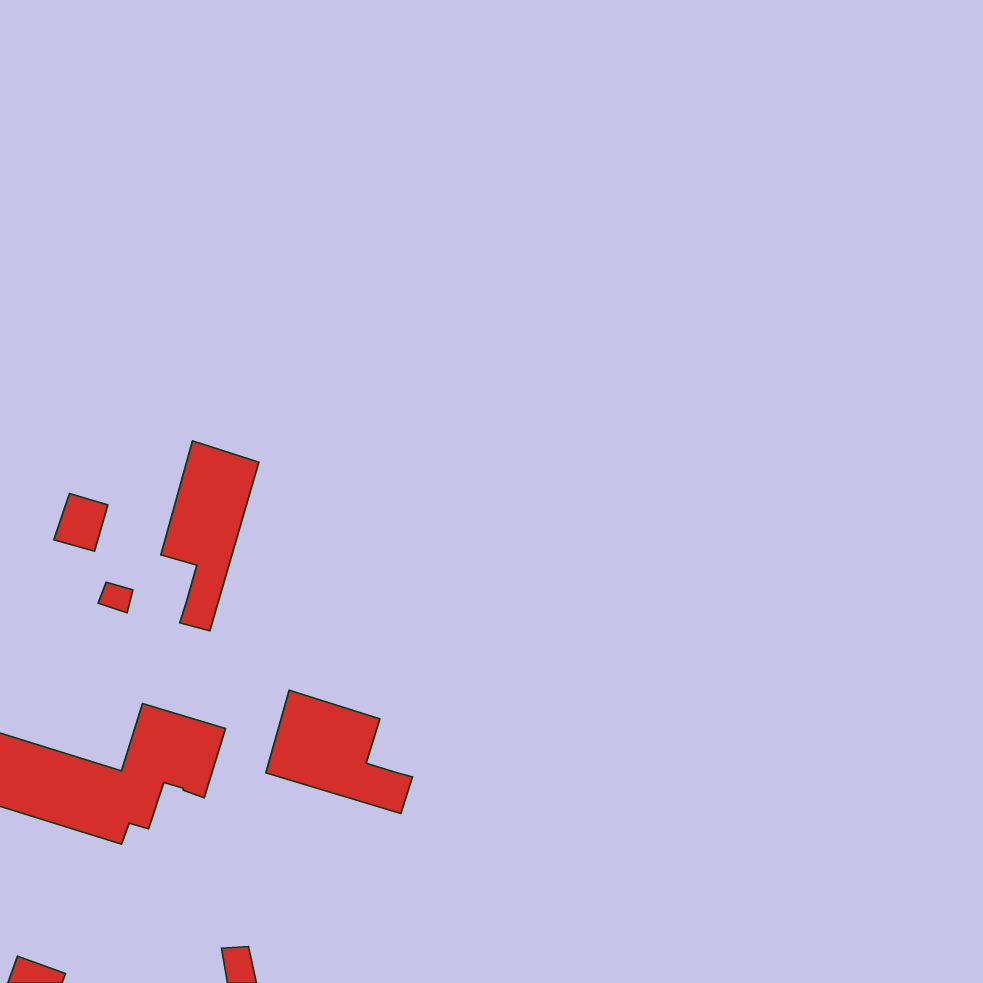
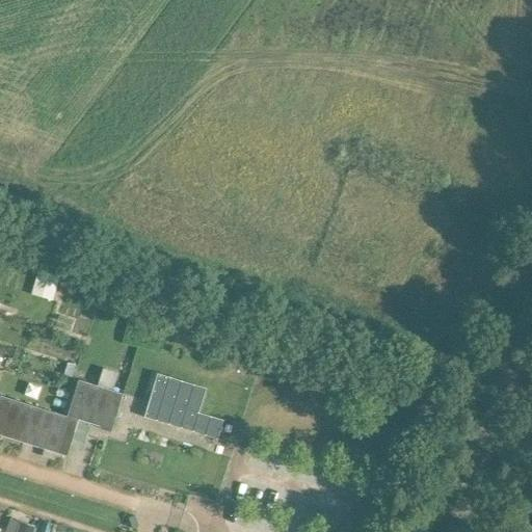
building: [161,441,259,631] -> none

